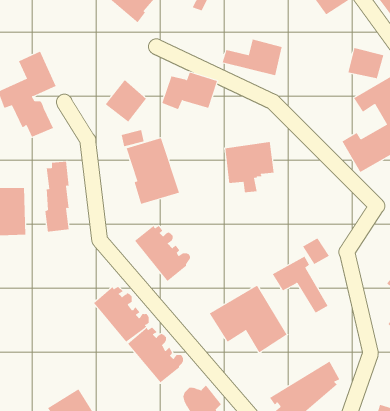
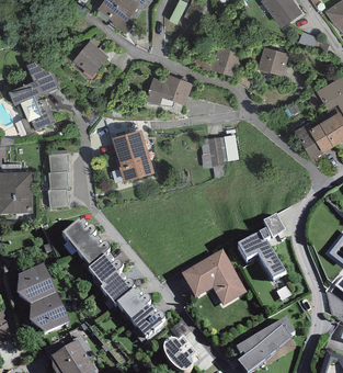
building: [347,47,384,79] -> [260,47,290,74]
building: [105,79,147,123] -> [72,41,107,77]
building: [134,225,191,282] -> [61,218,108,265]
building: none -> [19,268,70,334]

